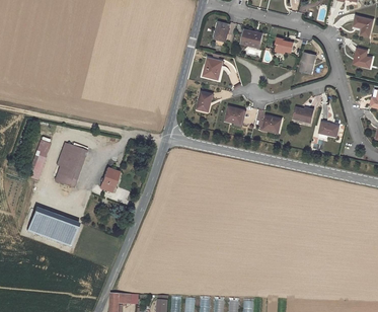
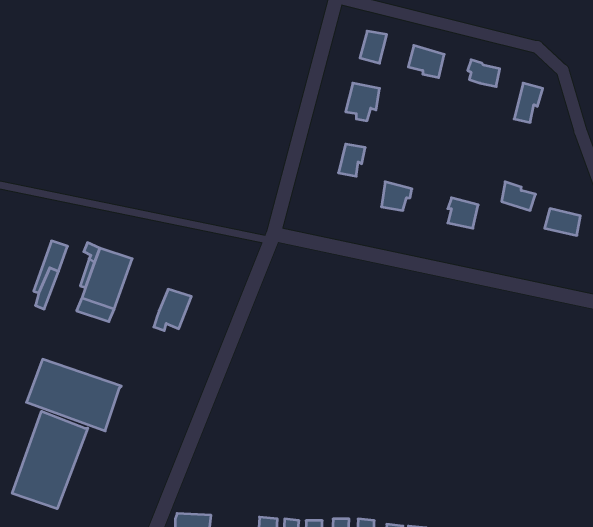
building: none -> [12,411,88,509]

